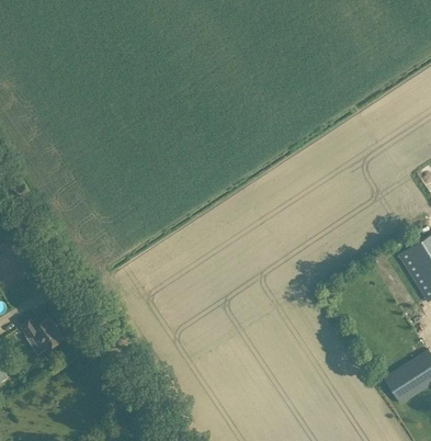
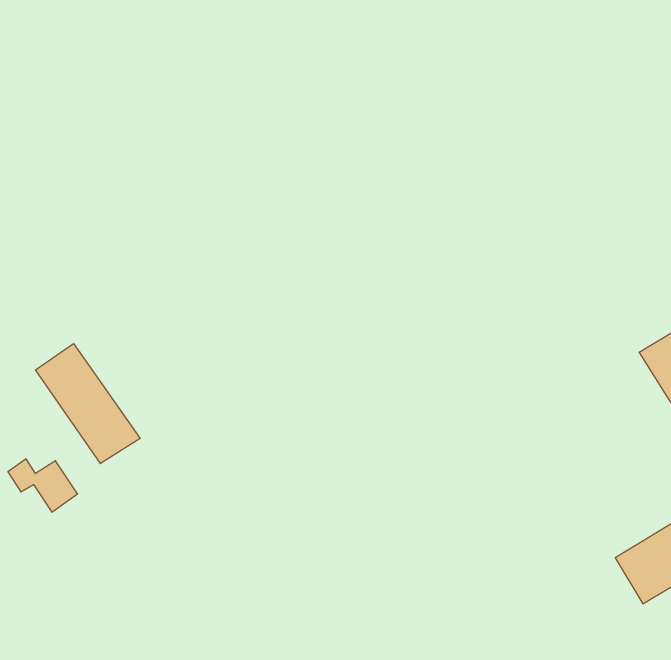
building: none -> [36,344,140,464]

